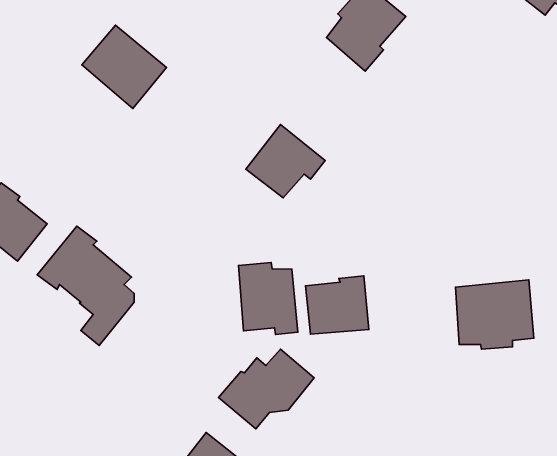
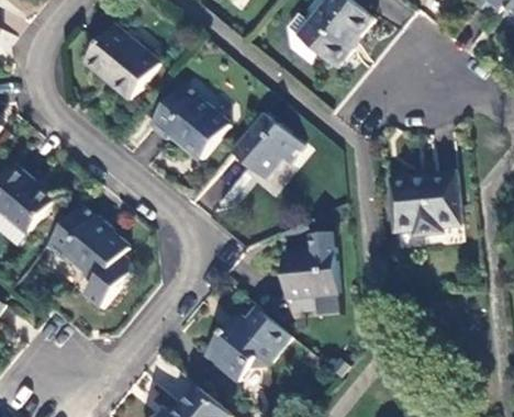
building: none -> [150,83,227,157]
building: [239,262,298,334] -> none
building: [456,280,534,349] -> [390,172,459,234]

